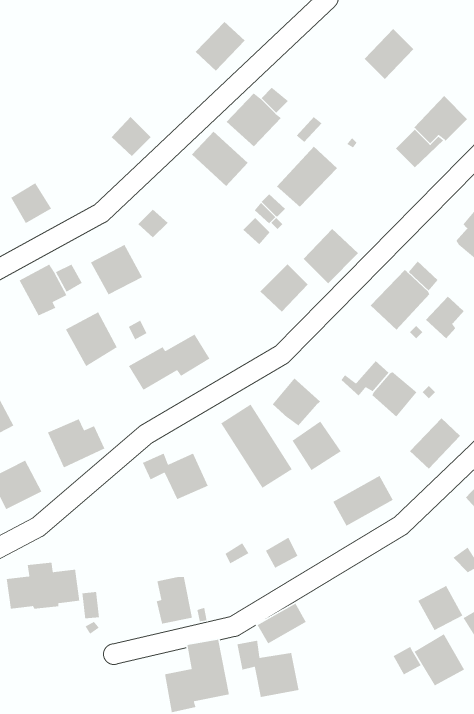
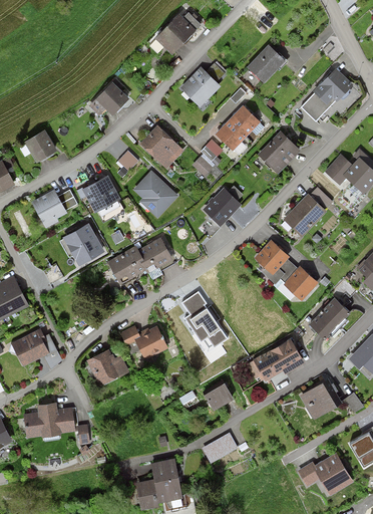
building: [364,28,414,80] -> [248,45,284,82]
building: [191,131,249,187] -> [140,126,181,167]
building: [303,228,359,284] -> [259,133,299,173]
building: none -> [133,172,176,217]
building: [425,296,465,339] -> [324,154,352,185]
building: [272,378,321,427] -> [254,240,289,275]
building: [47,418,106,469] -> [86,350,128,387]
building: [292,420,342,471] -> none
building: [156,576,193,625] -> none
building: [417,585,463,631] -> [302,386,335,419]
building: [236,640,300,698] -> none

